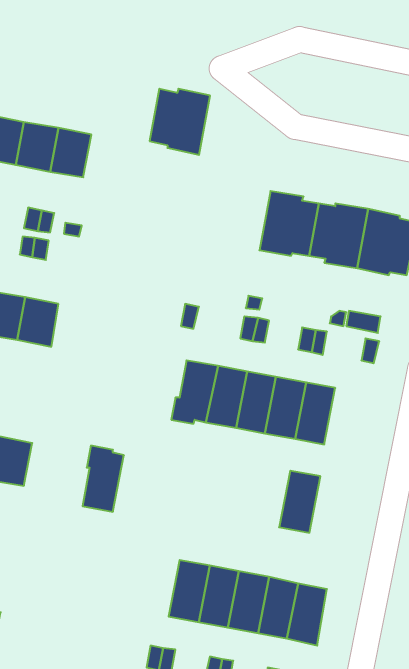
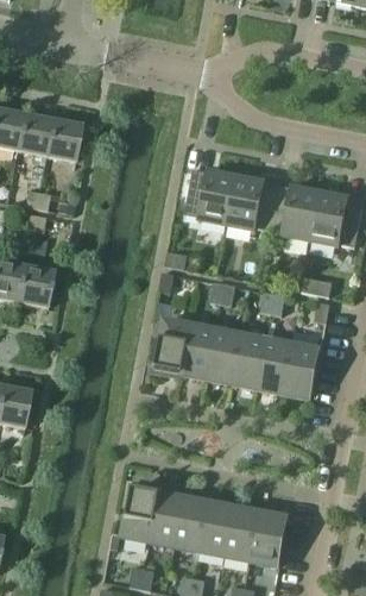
building: [150,89,210,155] -> [185,167,238,224]
building: [83,446,124,512] -> [124,483,159,540]
building: [279,471,320,533] -> [284,343,320,396]

